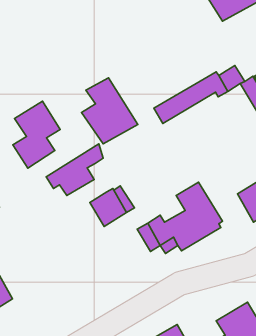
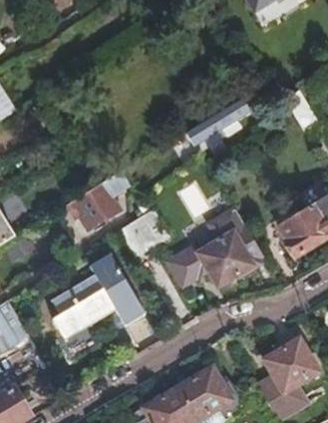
building: [81,78,138,144] -> none
building: [13,101,60,168] -> none
building: none -> [48,256,143,342]

